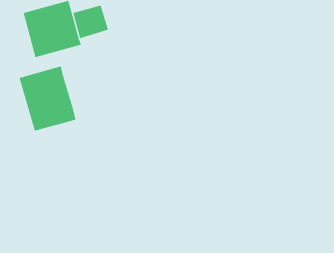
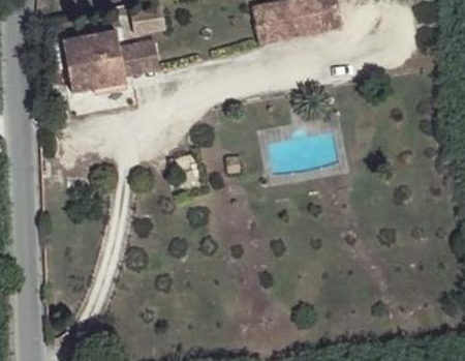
building: [19,66,76,132] -> none

